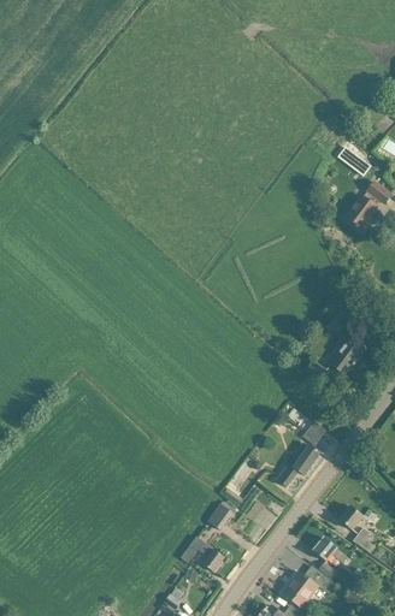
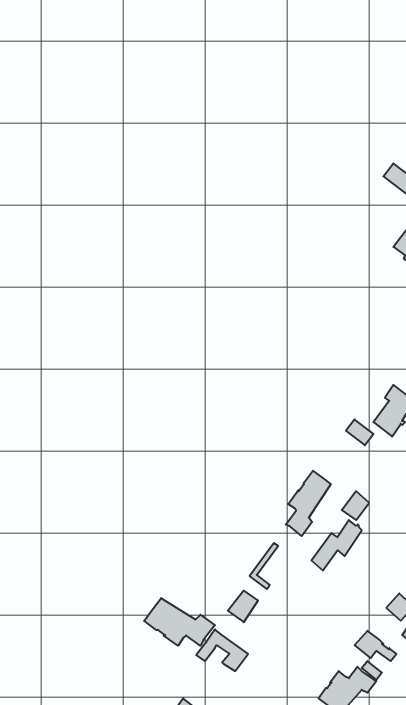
building: none -> [286,471,331,536]
building: none -> [144,598,215,646]

